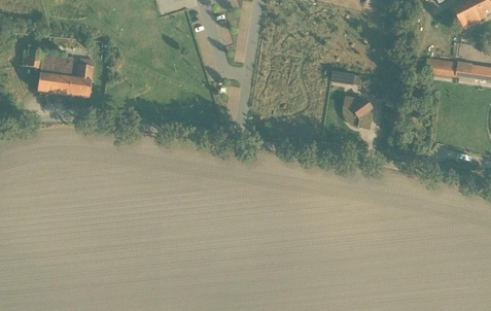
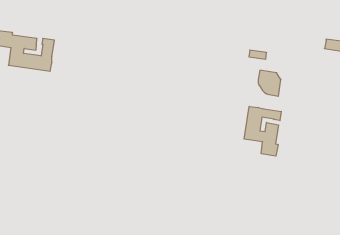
building: none -> [244,106,281,156]

